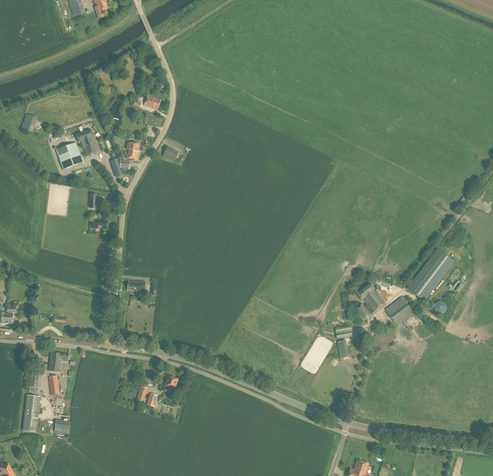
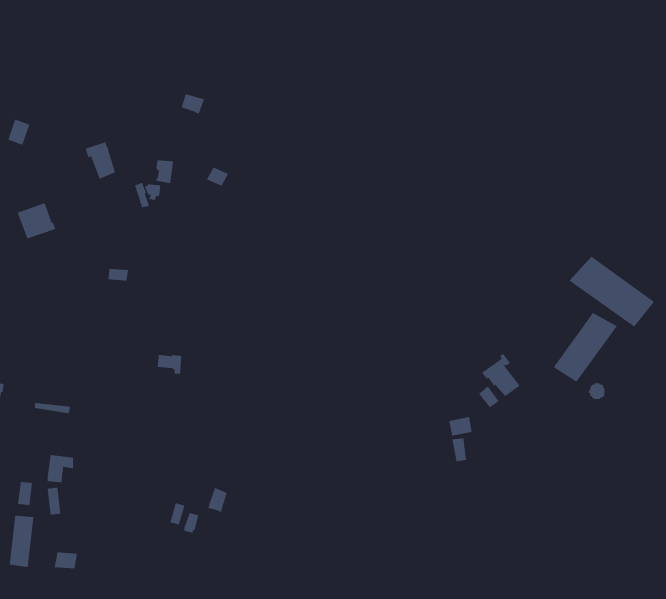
building: [56,141,84,167] -> [17,202,56,239]
building: none -> [569,256,655,328]
building: [385,296,415,325] -> none

